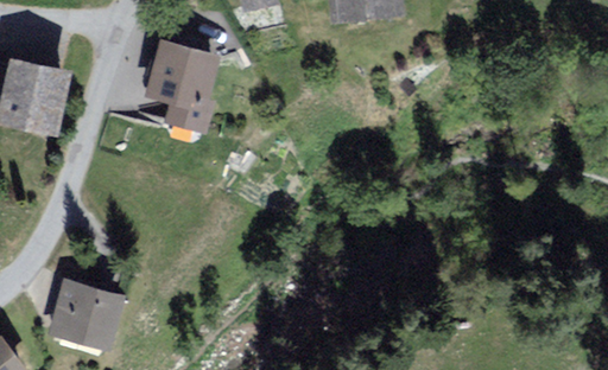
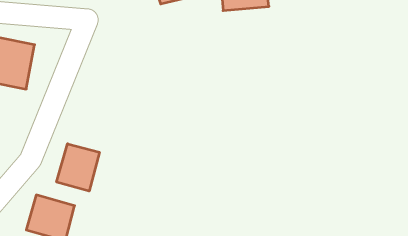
building: [151,42,220,128] -> none
building: none -> [57,144,99,191]

